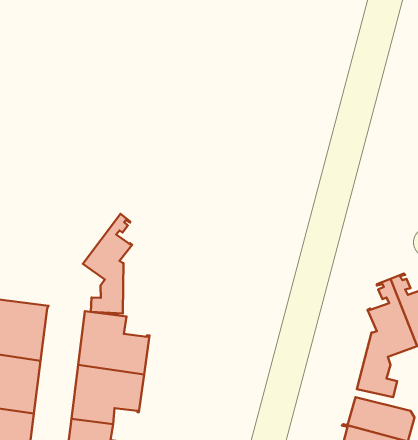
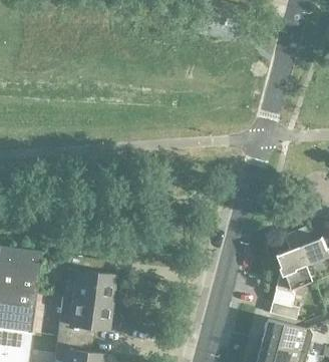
building: [83,214,132,314] -> none

